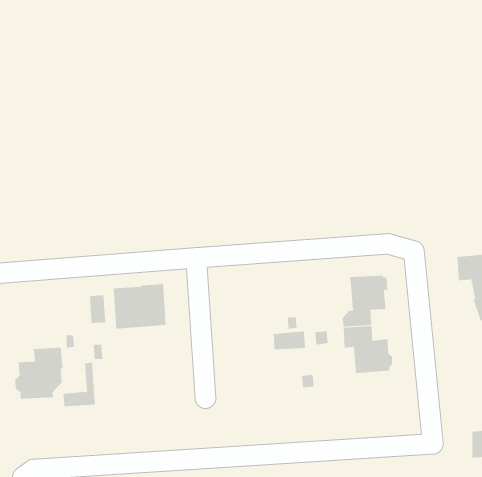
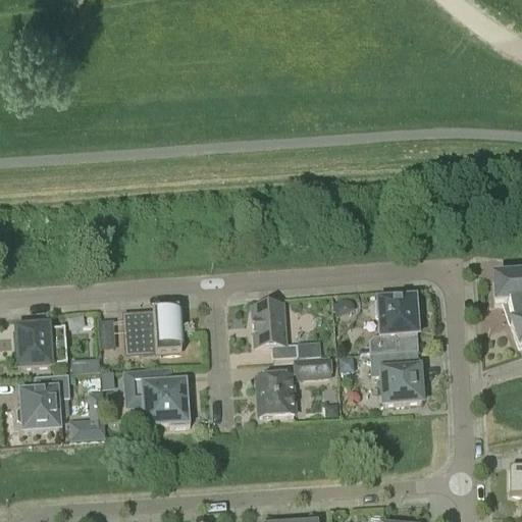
building: none -> [253,302,298,356]
building: none -> [16,319,68,366]
building: none -> [126,373,191,425]
building: none -> [257,373,296,414]

